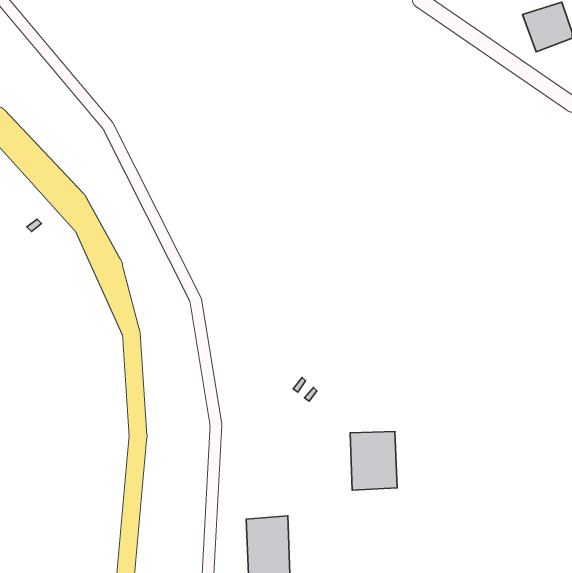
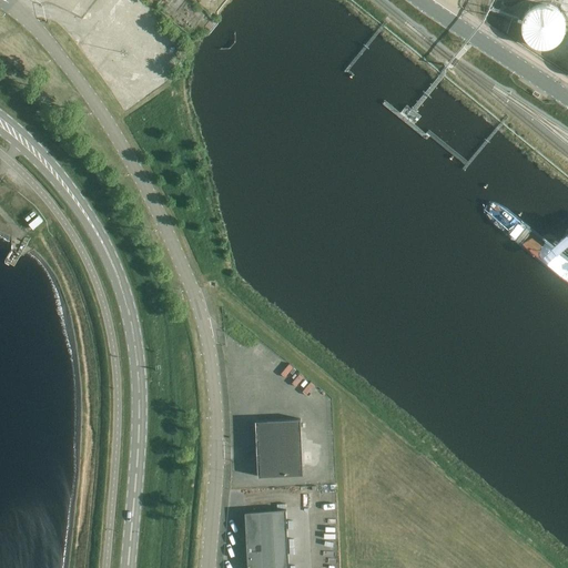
building: [350,432,397,490] -> [254,420,301,478]

